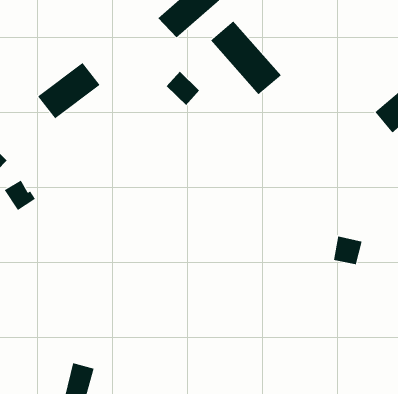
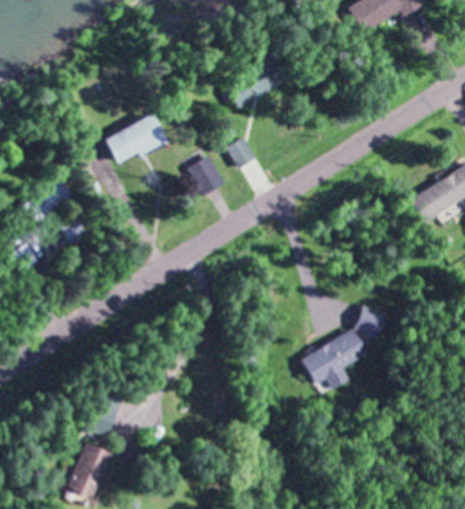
building: [210,21,282,95] -> none
building: none -> [188,158,223,195]
building: none -> [304,332,367,389]

